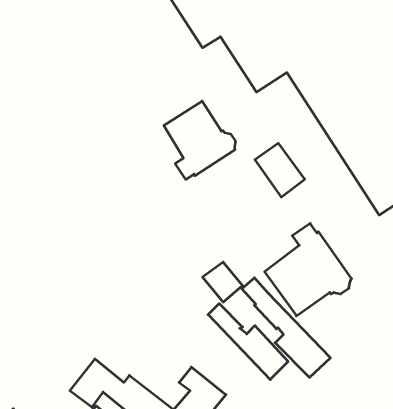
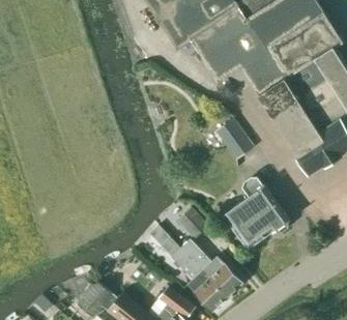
building: [164,101,235,179] -> none
building: [242,278,330,377] -> [161,236,227,311]

